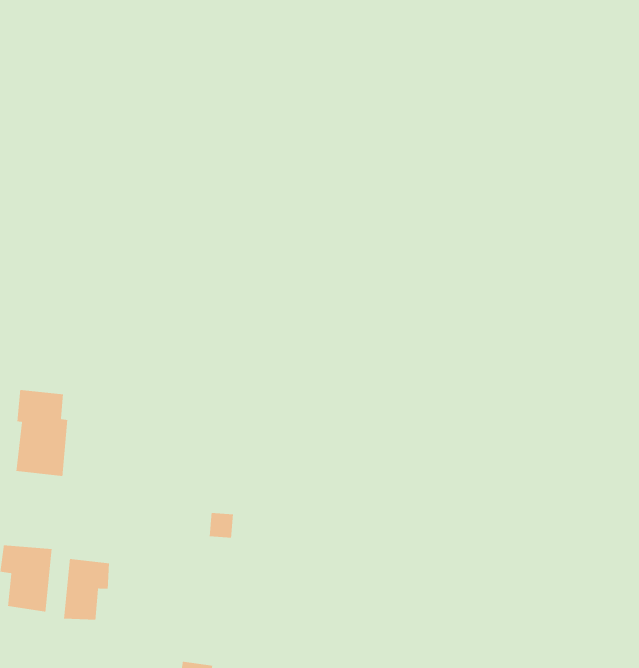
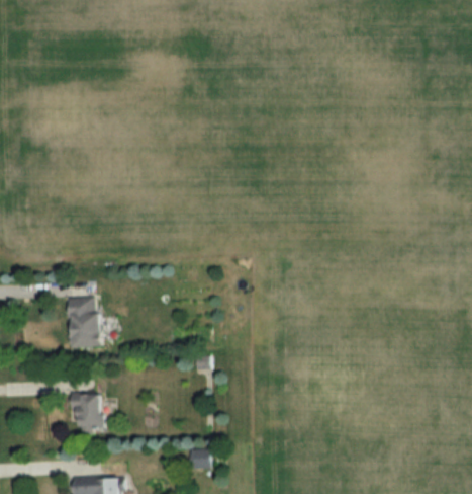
building: [63,558,110,620] -> none

